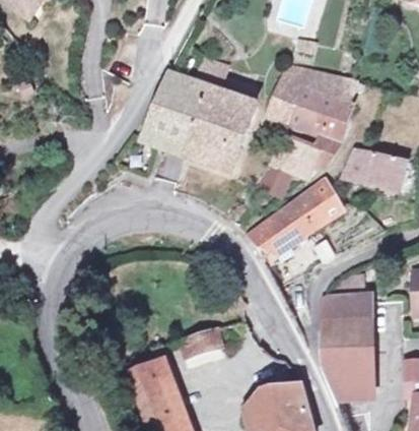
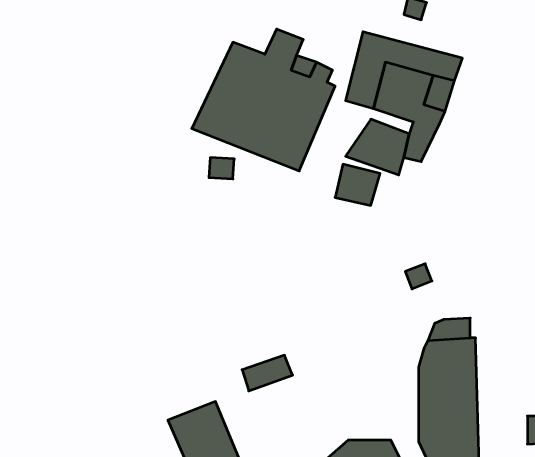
building: [345,147,406,192] -> none
building: [252,181,339,265] -> none

